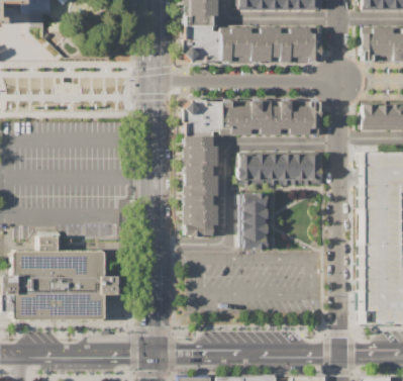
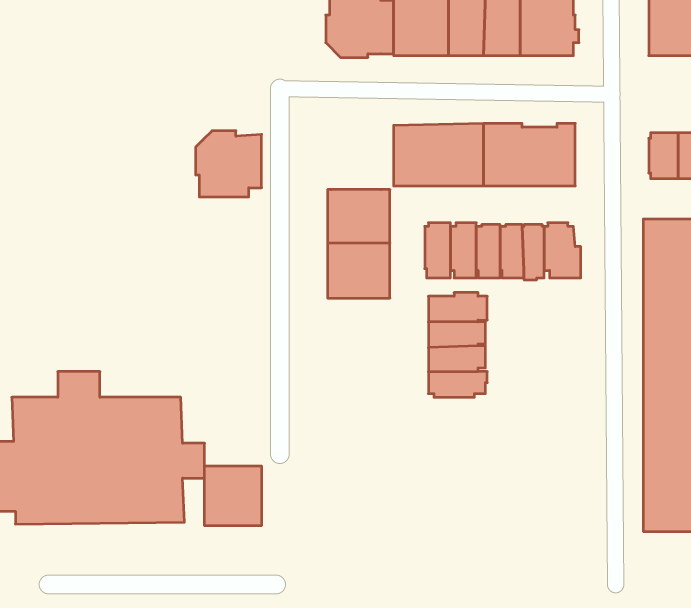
building: [186,99,222,135] -> [196,131,262,197]
building: [186,195,220,236] -> none
building: none -> [205,466,261,526]

